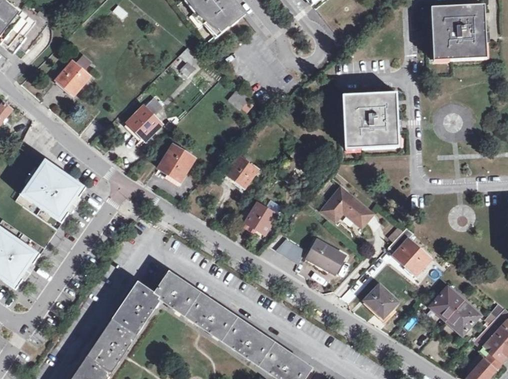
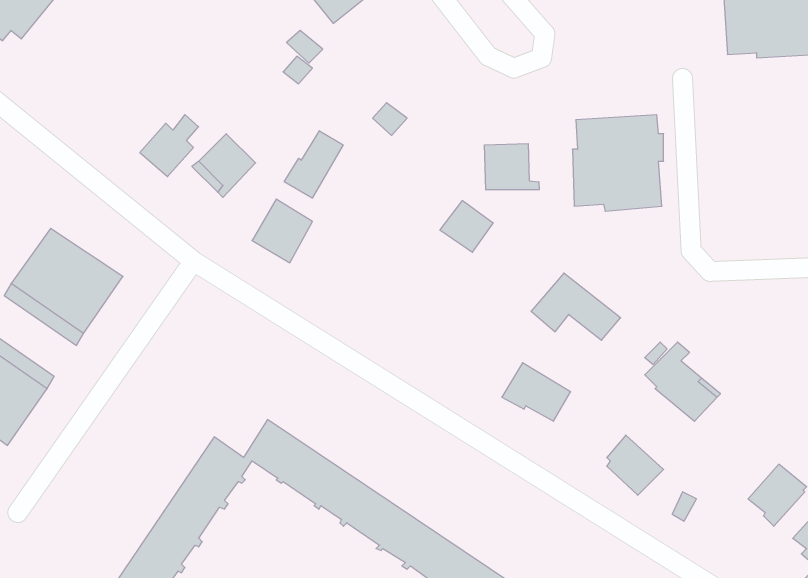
building: [57,57,91,93] -> [140,115,199,177]
building: none -> [284,131,343,198]
building: none -> [485,144,539,190]
building: [226,156,257,186] -> [440,201,493,252]
building: [246,203,276,233] -> none
building: [275,238,305,263] -> none
building: [430,285,465,318] -> none

